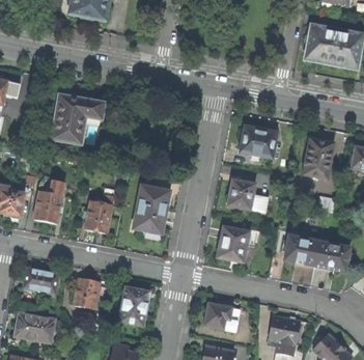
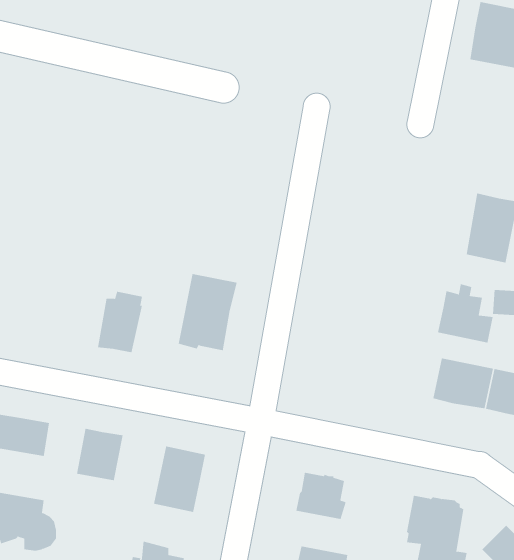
building: [51,94,103,144] -> none
building: [237,126,276,158] -> none
building: [227,174,260,210] -> [437,283,493,343]
building: [33,178,63,223] -> none
building: [217,225,256,261] -> none

